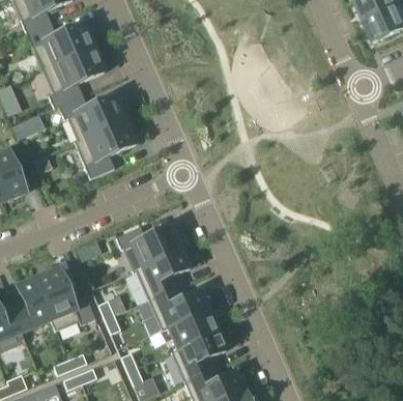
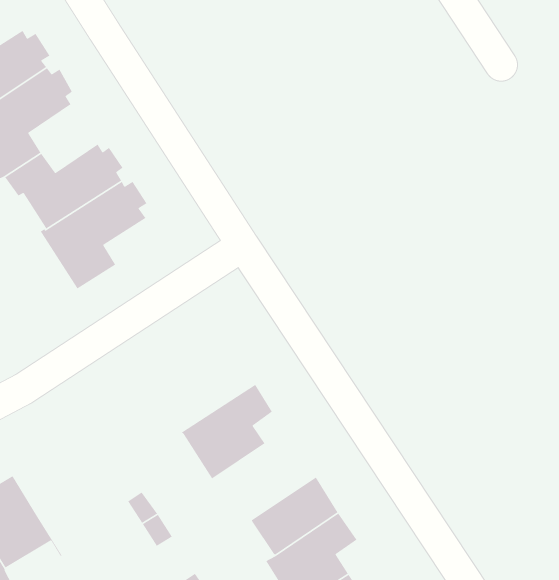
building: [116,225,184,270] -> none
building: [34,265,95,328] -> none
building: [147,284,208,328] -> none

